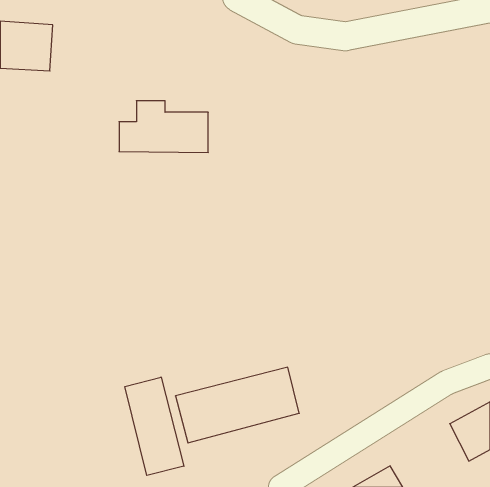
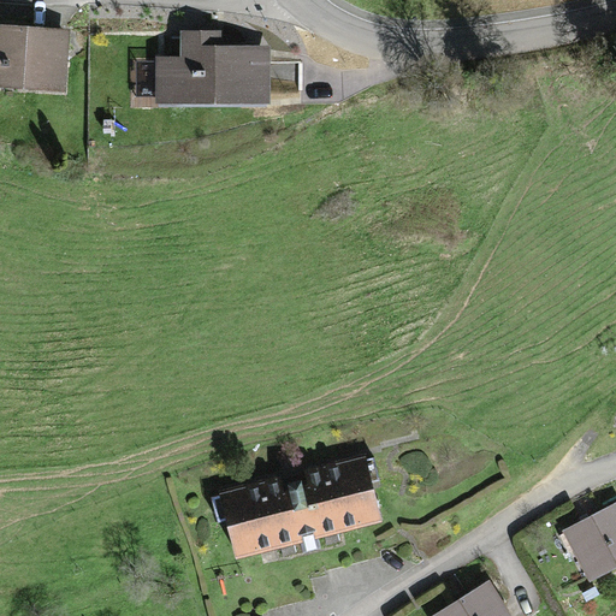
building: [119,101,208,152] -> [156,35,268,100]
building: [125,377,184,475] -> none

